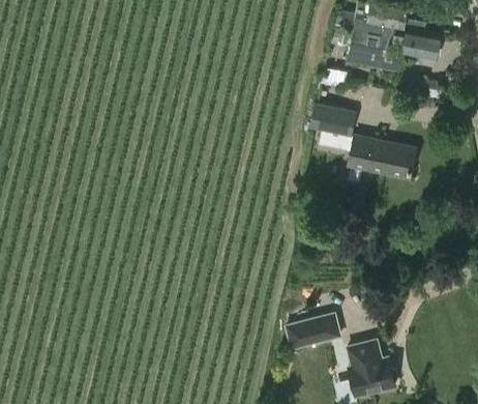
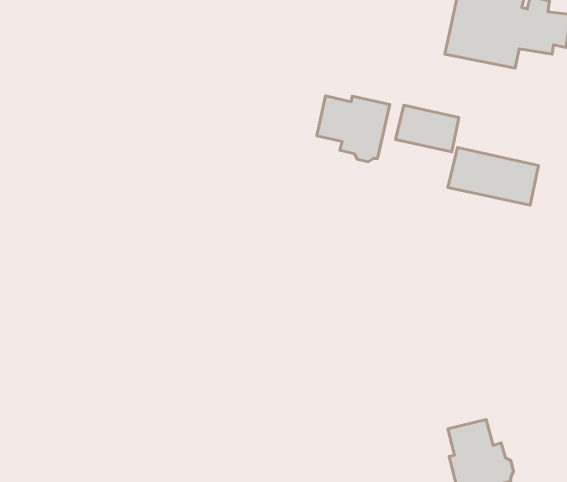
building: none -> [317,96,390,162]
building: [286,313,339,348] -> none

